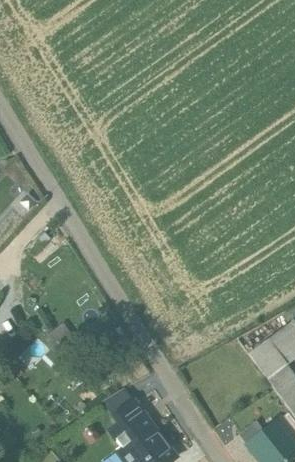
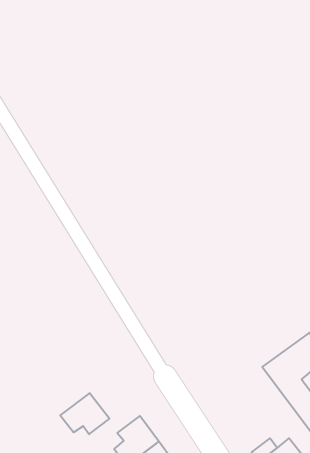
building: none -> [60,393,109,434]

